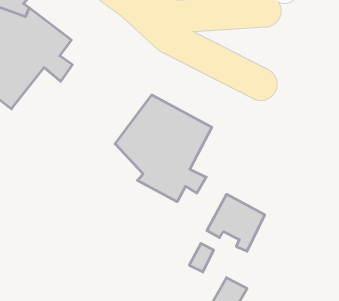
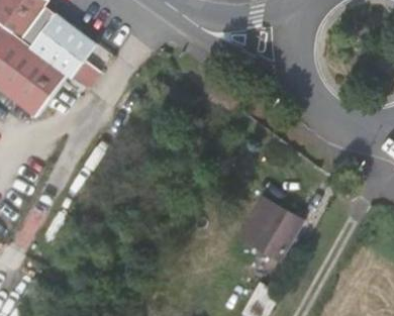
building: [115,95,212,202] -> none

